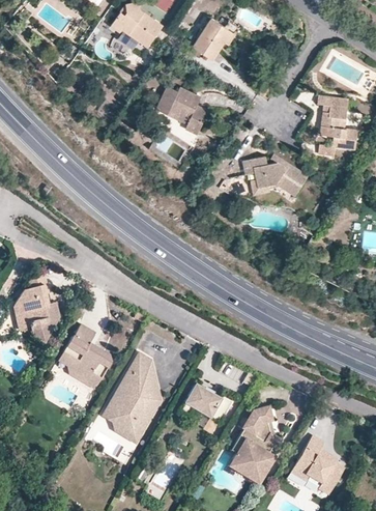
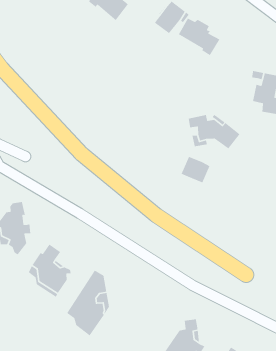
building: [154,88,207,134] -> [178,17,221,56]
building: none -> [180,156,210,183]
building: [181,385,234,423] -> none
building: [104,409,140,445] -> none

